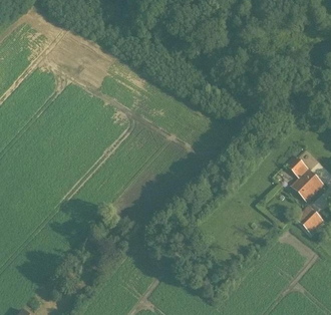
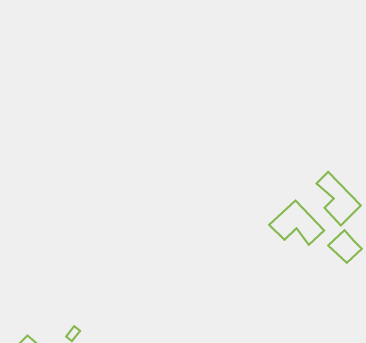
building: none -> [269,200,324,245]

